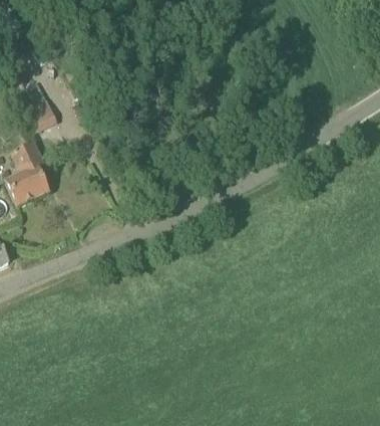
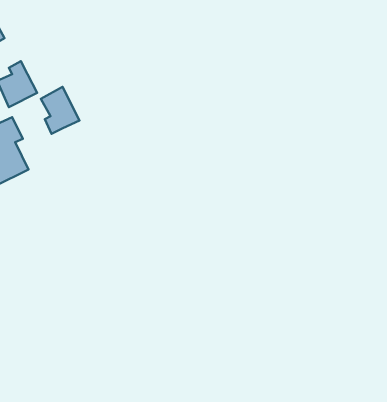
building: none -> [41,87,79,134]

